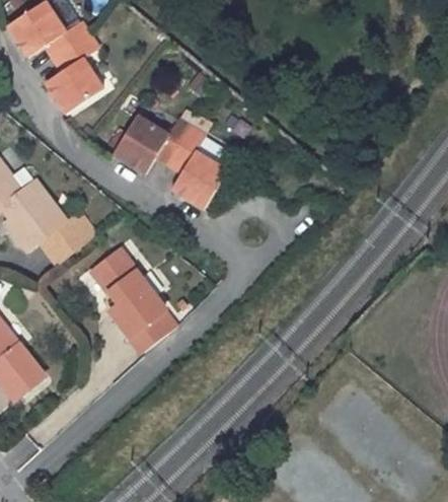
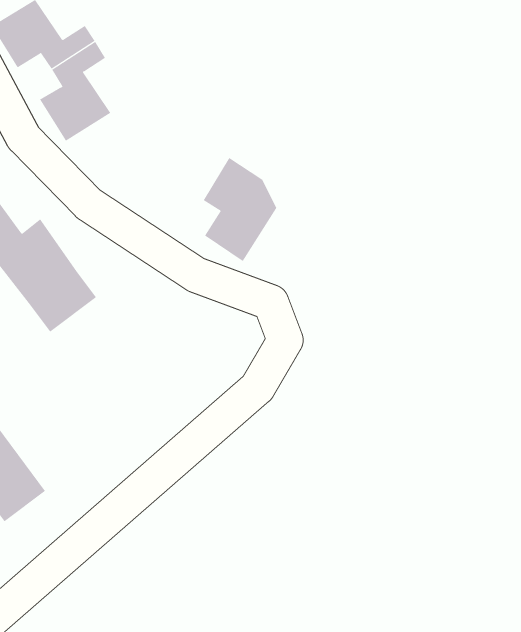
building: [114,114,190,168] -> none
building: [95,245,169,347] -> none

